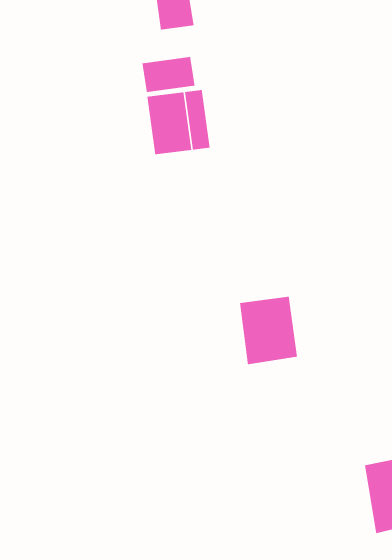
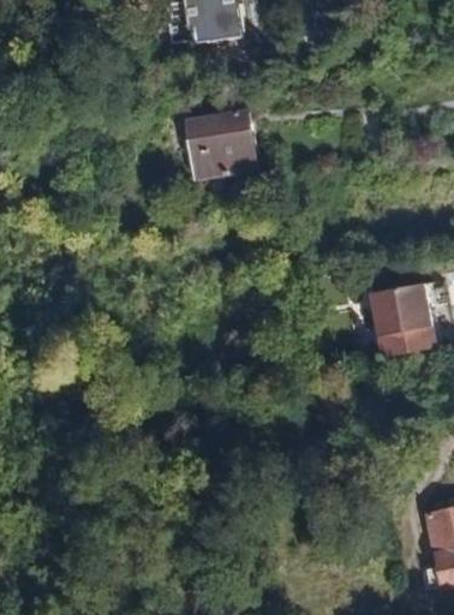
building: [142,56,195,93] -> none
building: [239,296,298,365] -> [374,283,435,356]

